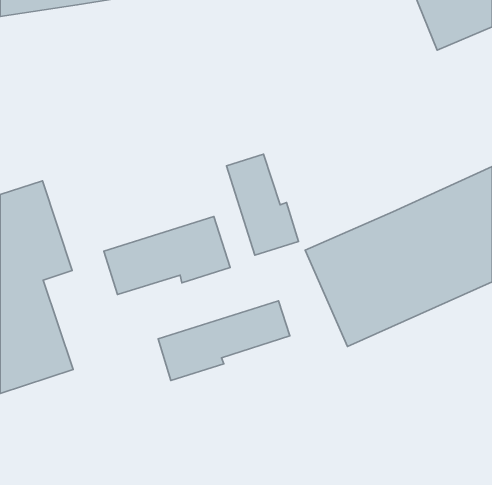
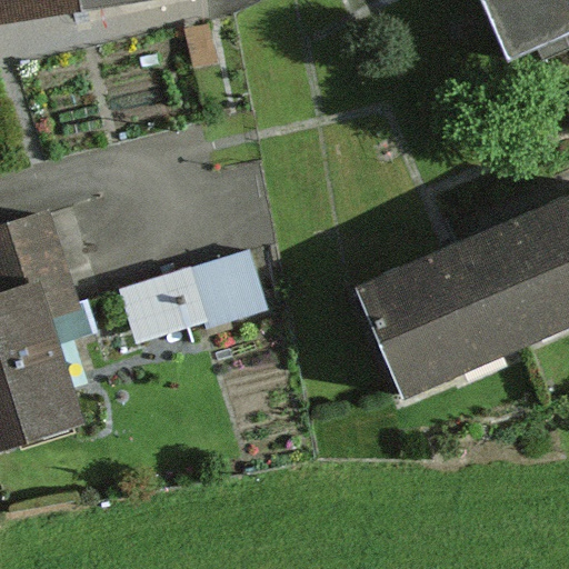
building: [227,154,299,255] -> none
building: [158,301,290,380] -> none

